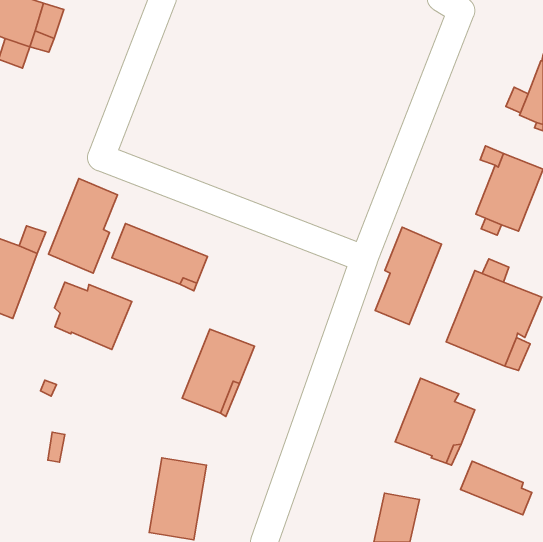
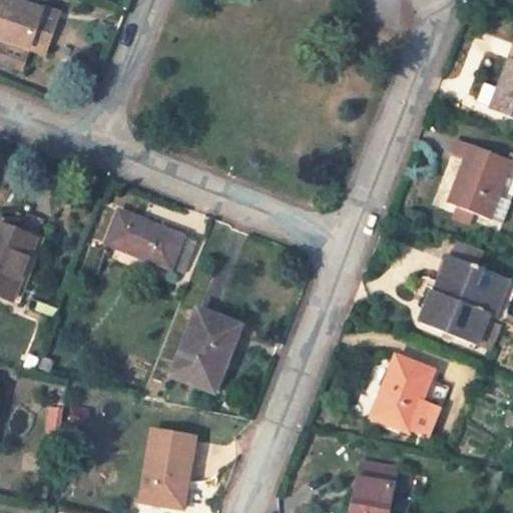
building: [48,179,117,273] -> none
building: [375,227,442,325] -> none
building: [55,282,132,349] -> none
building: [461,461,532,515] -> none

